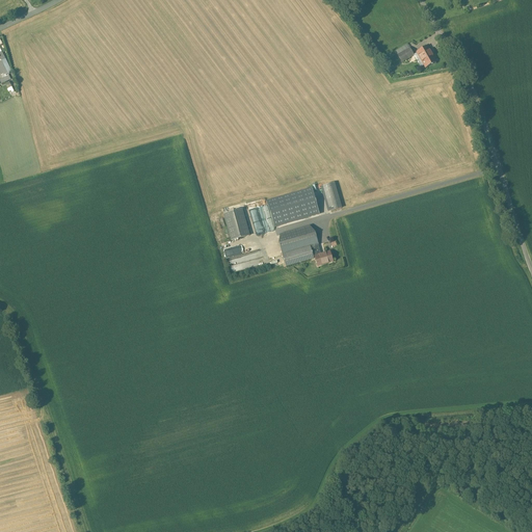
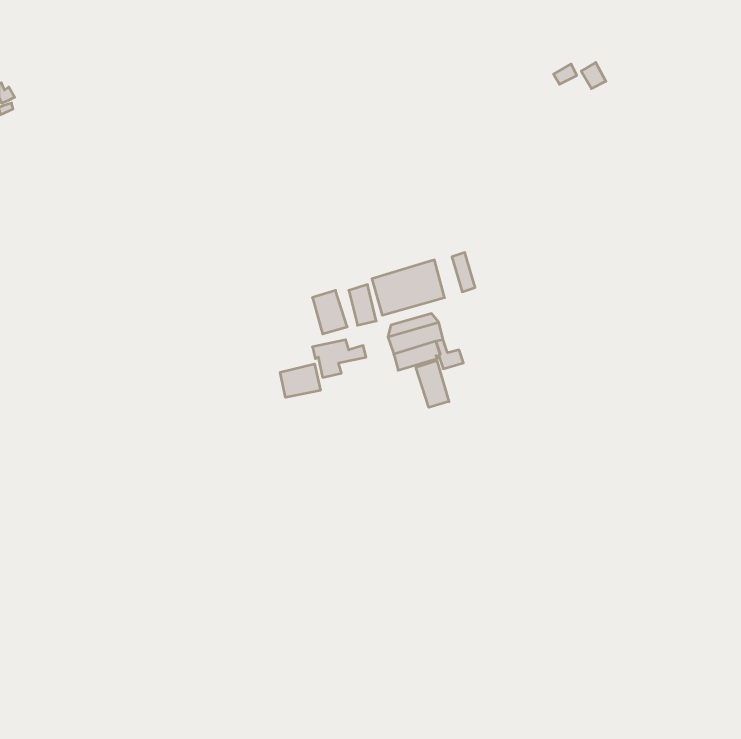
building: none -> [416,361,449,407]
building: none -> [280,364,320,397]

